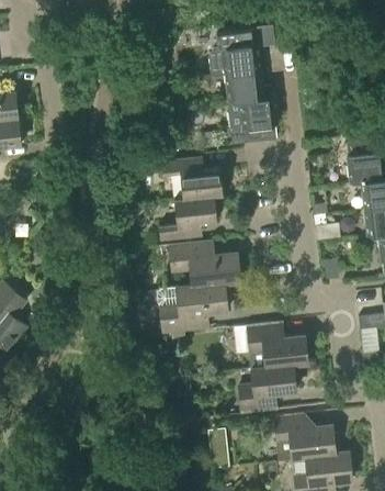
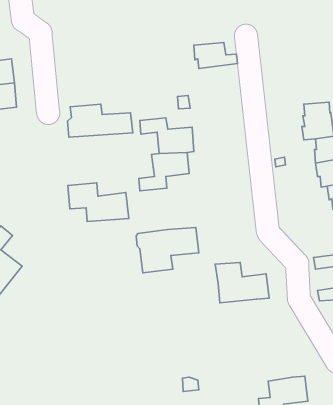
building: [206,31,256,78] -> none
building: [227,97,274,144] -> none
building: none -> [68,104,133,137]
building: [170,242,239,286] -> [68,183,129,221]
building: [239,365,295,414] -> none
building: [275,416,333,461] -> none

